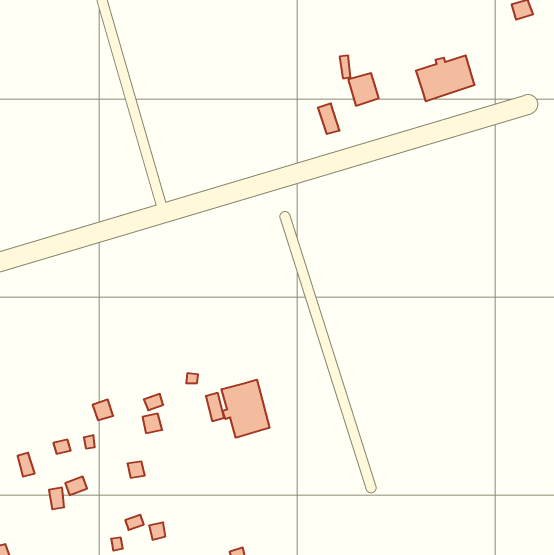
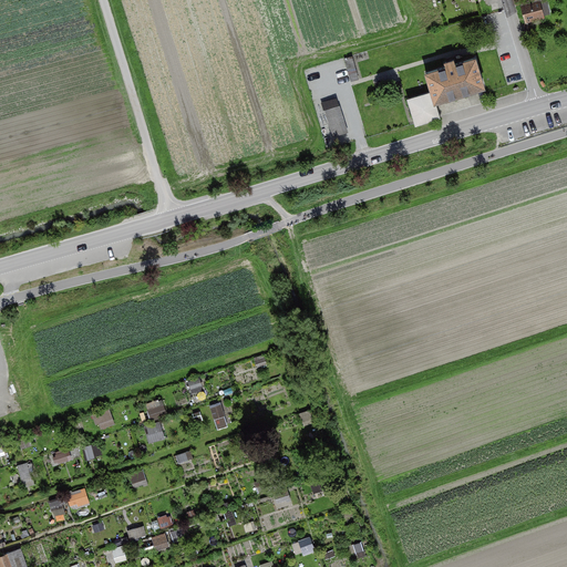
building: [348,73,379,106] -> [406,93,437,126]
building: [222,380,269,438] -> none

